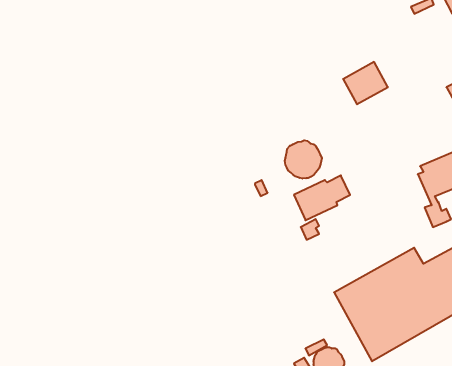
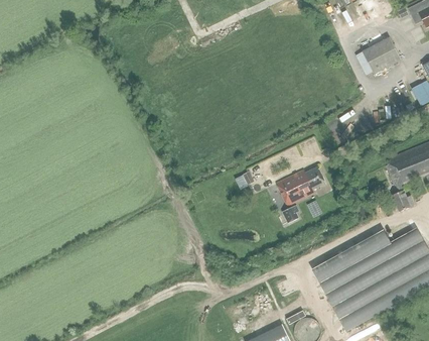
building: [343,62,388,104] -> [363,36,402,74]
building: [285,140,322,179] -> none

